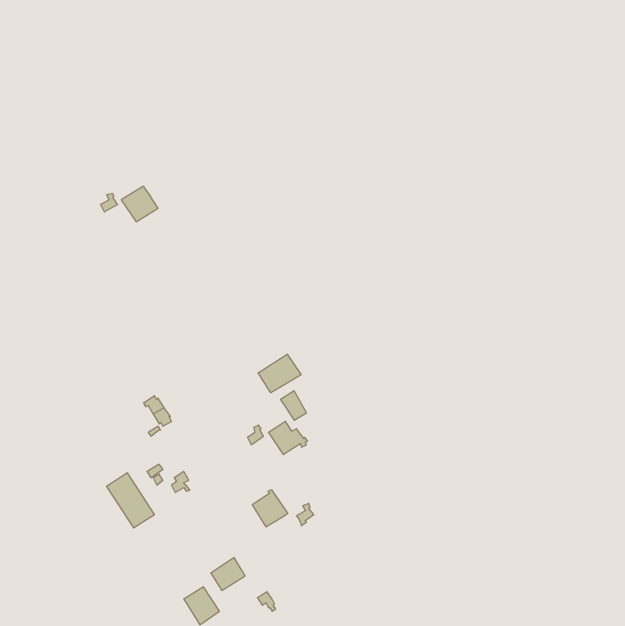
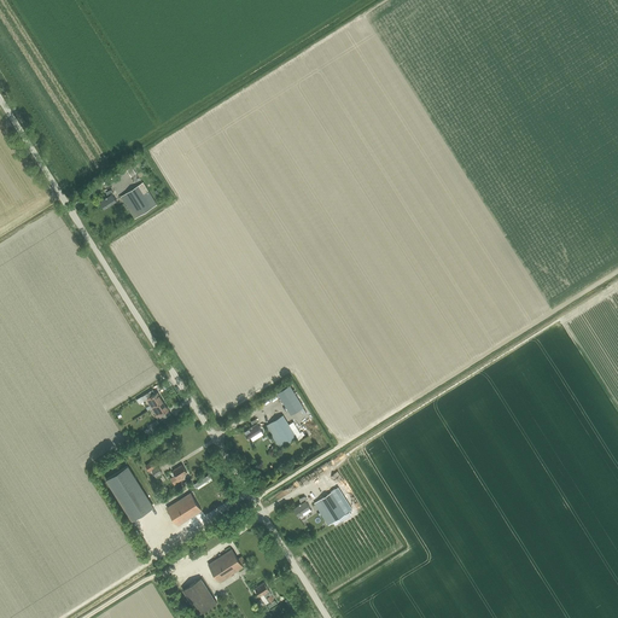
building: [258,354,301,393] -> none
building: [252,490,288,527] -> [314,489,349,525]
building: none -> [165,494,200,526]

